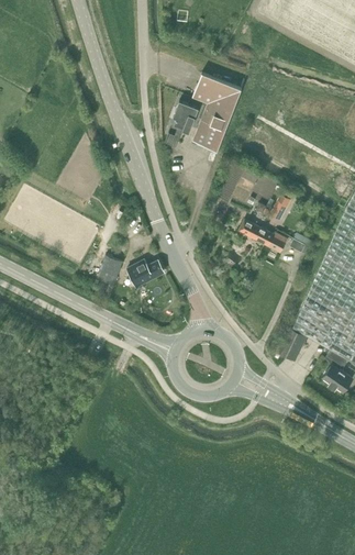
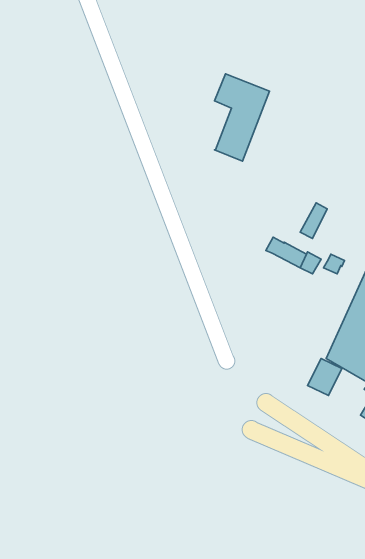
building: [173,101,199,133] -> none
building: [96,256,122,286] -> none
building: [126,259,164,287] -> none

